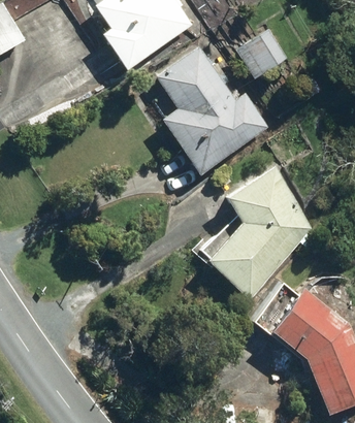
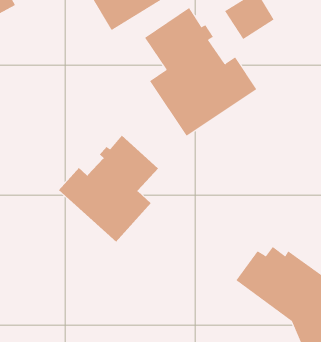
building: [203,163,315,299] -> none
building: none -> [58,135,159,242]

